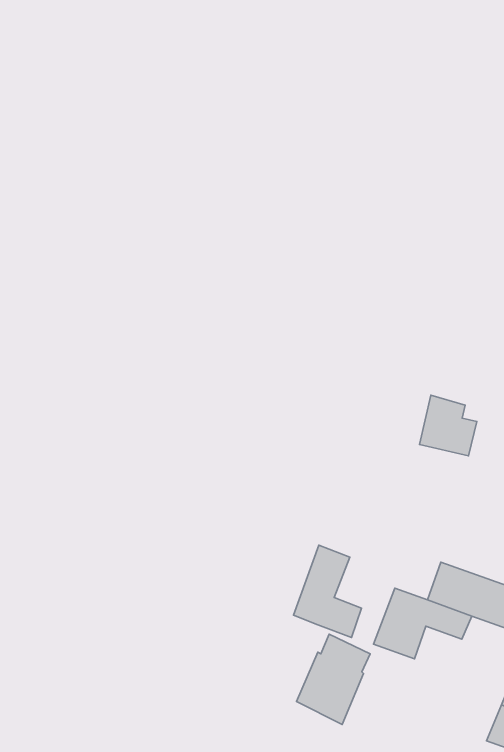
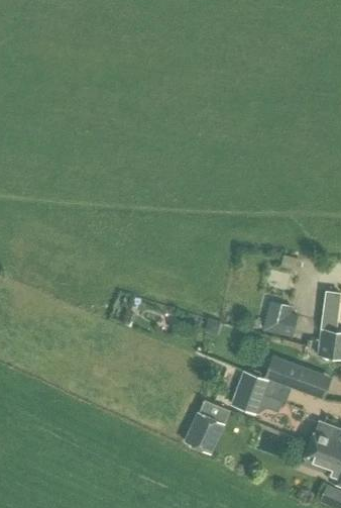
building: [419,395,477,456] -> [261,300,297,337]
building: [293,545,361,637] -> none

